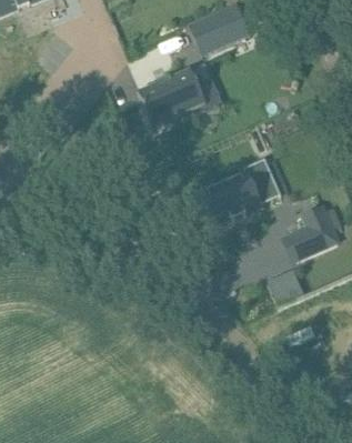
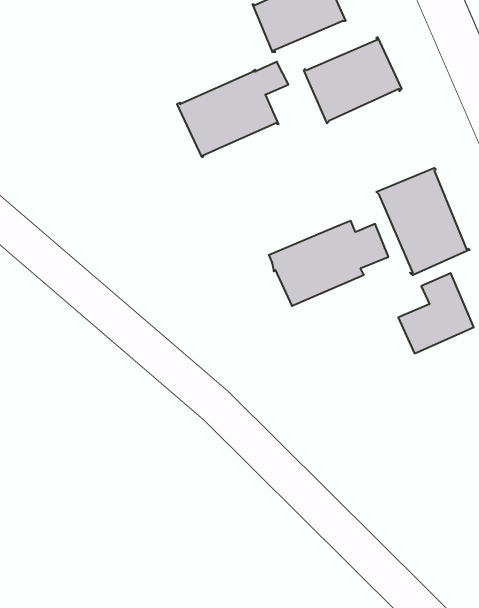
building: none -> [304,37,402,123]
building: none -> [376,168,470,275]

